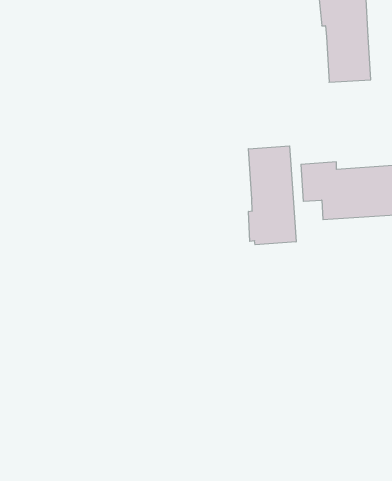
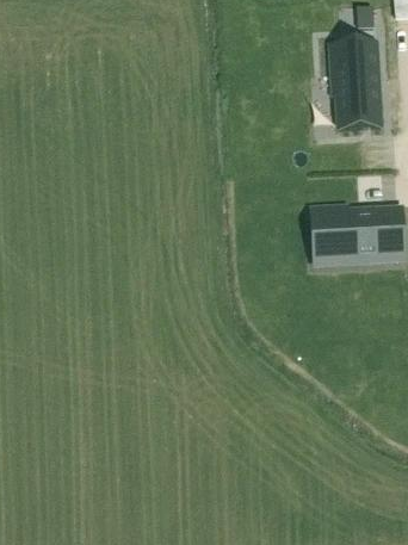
building: [248,146,296,245] -> none

